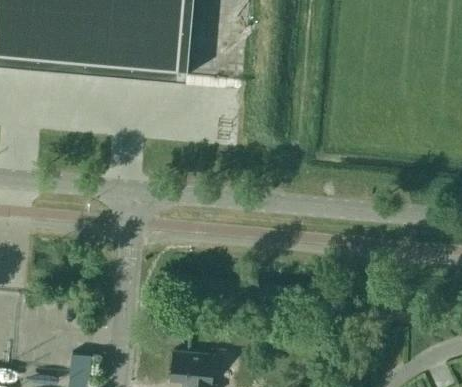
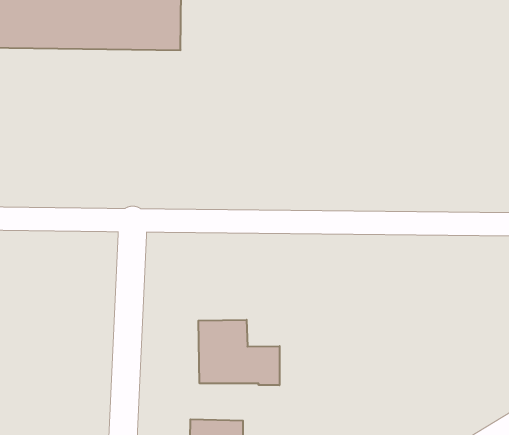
building: none -> [198,320,280,385]

